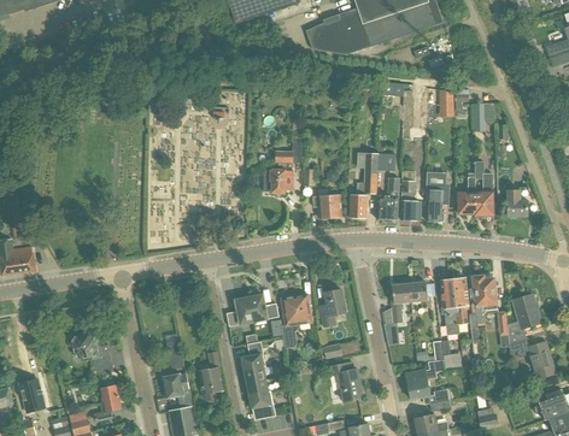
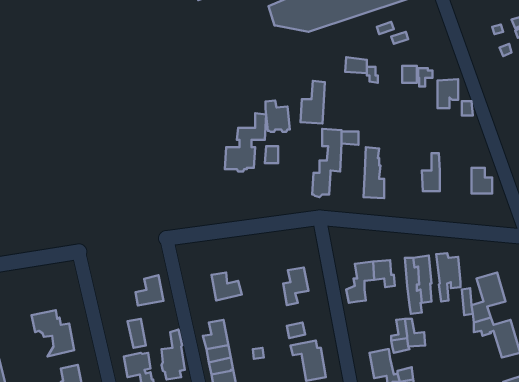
building: [474,173,492,217] -> none
building: [375,177,399,219] -> [301,81,325,123]
building: [426,183,448,220] -> none
building: [317,188,341,219] -> [266,100,290,132]
building: [280,293,311,348] -> none
building: [225,296,253,326] -> [136,275,163,306]

